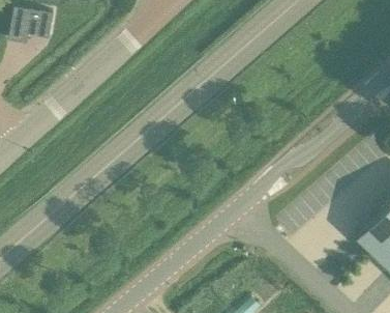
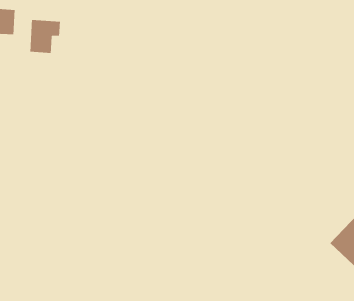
building: none -> [30,19,61,54]

